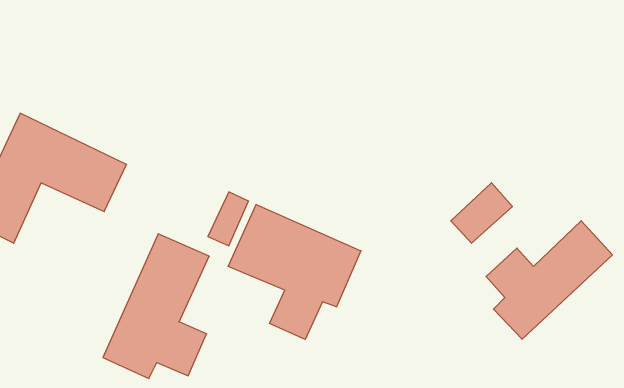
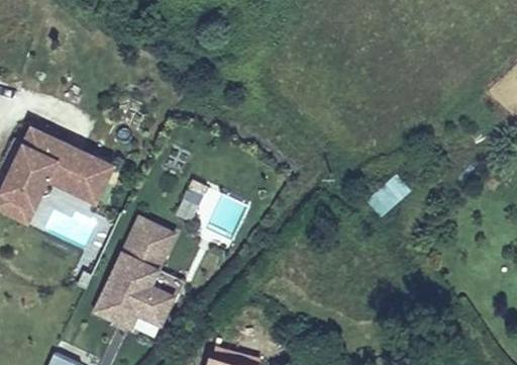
building: [228,204,361,339] -> none
building: [486,221,612,339] -> none

